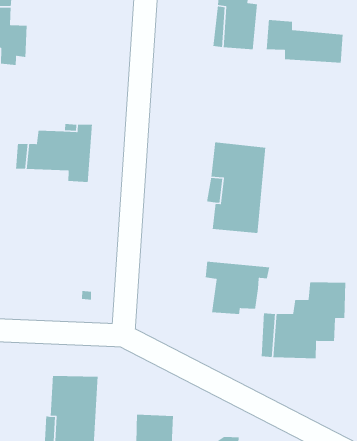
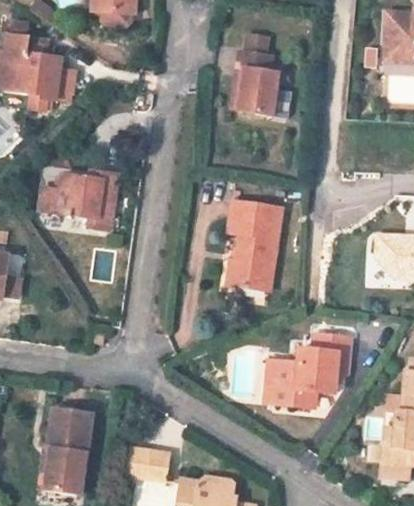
building: [266,19,343,64] -> none
building: [205,261,270,315] -> none

